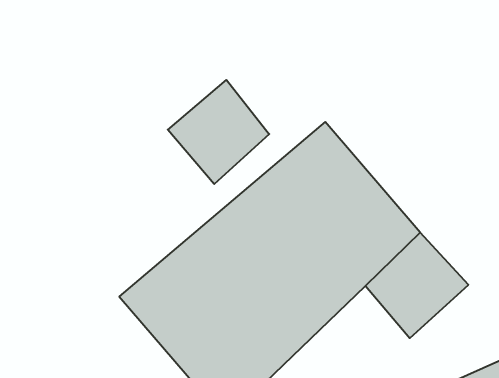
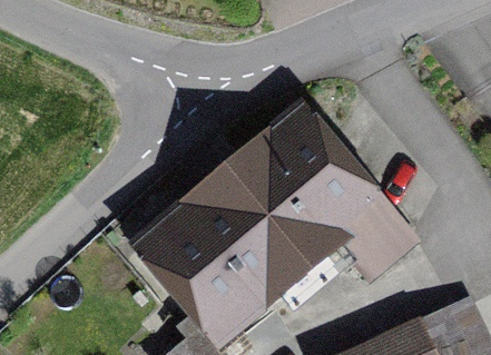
building: [168,80,269,184] -> none

